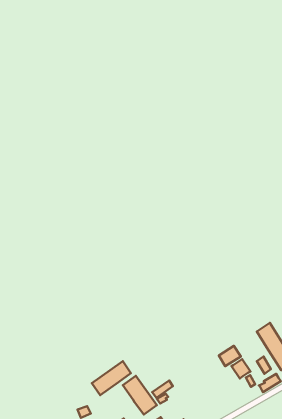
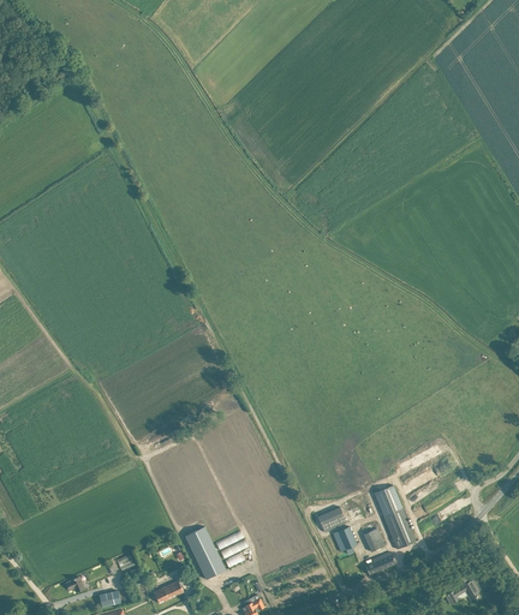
building: [92,361,131,395] -> none

